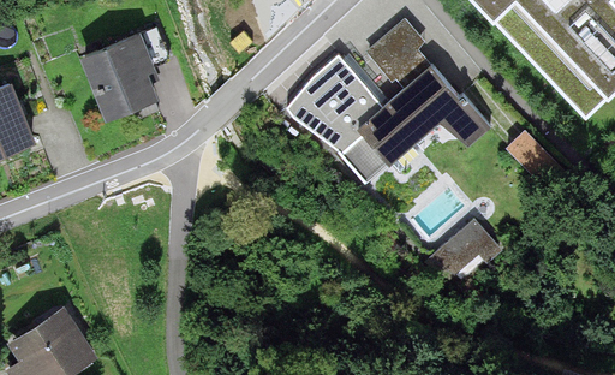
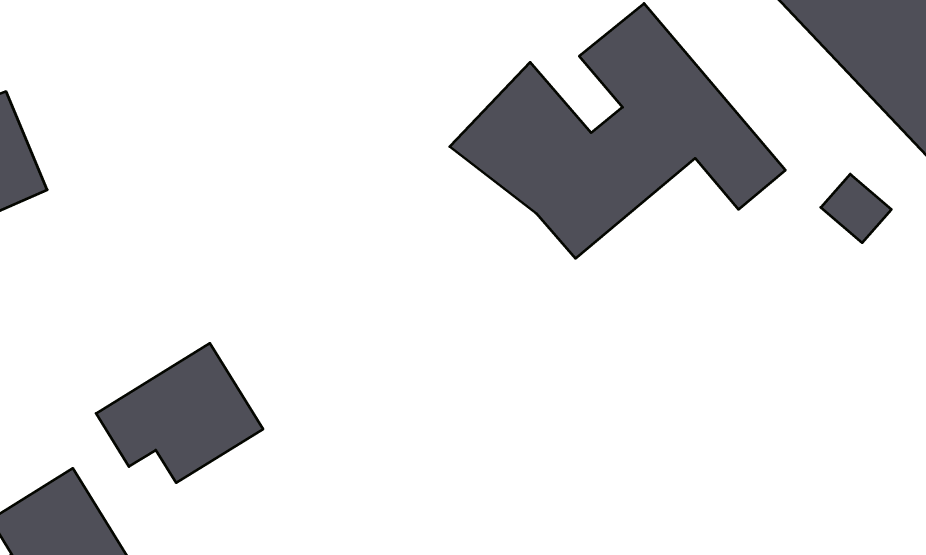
building: [85,32,161,119] -> none
building: [429,221,495,279] -> none
building: none -> [96,343,263,483]

